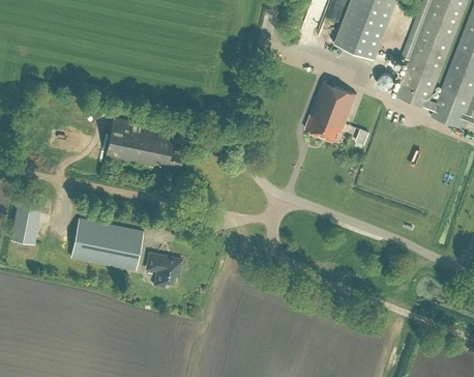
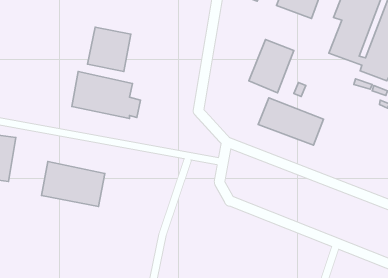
building: none -> [88,27,131,72]
building: none -> [258,98,324,145]
building: [146,252,181,286] -> none

